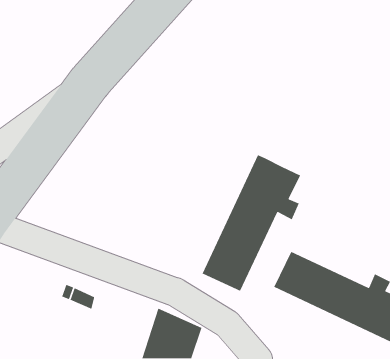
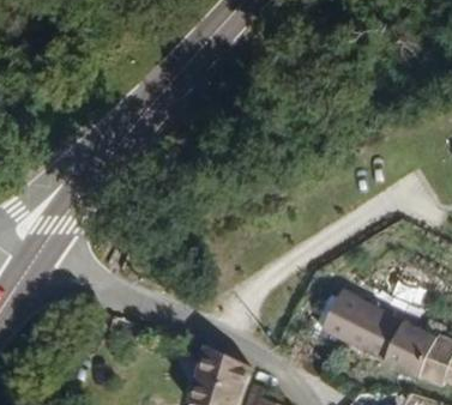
building: [201,154,301,292] -> none

